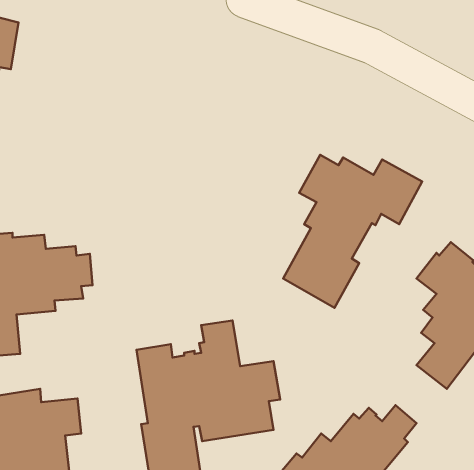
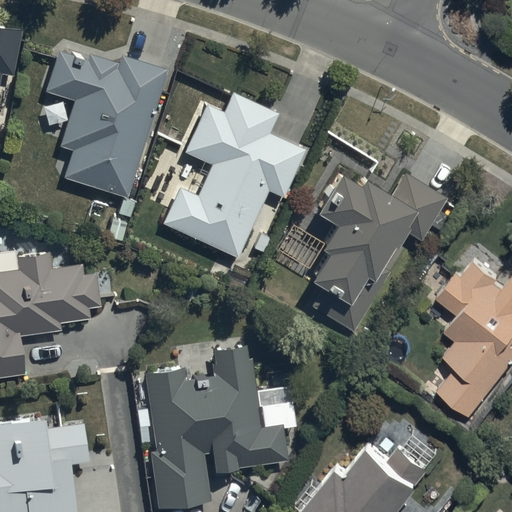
building: none -> [45,53,166,198]
building: none -> [161,93,306,259]

